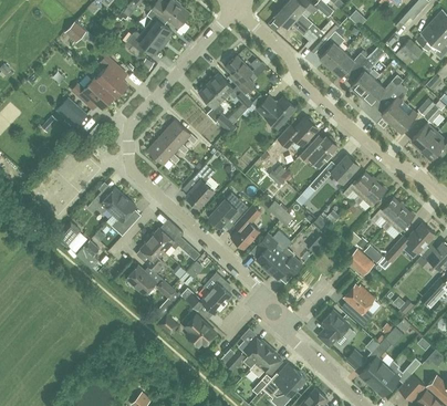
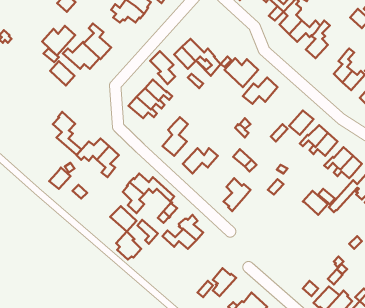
building: [226,55,254,93] -> [150,51,175,84]
building: none -> [42,26,75,56]
building: [361,77,401,105] -> none
building: [300,136,337,163] -> none
building: none -> [53,112,82,155]
building: [231,204,261,248] -> none
building: [266,246,302,278] -> none
building: [344,283,375,326] -> none
building: [320,310,353,344] -> none
building: [185,313,214,345] -> [116,231,141,259]
building: [250,346,282,376] -> none

